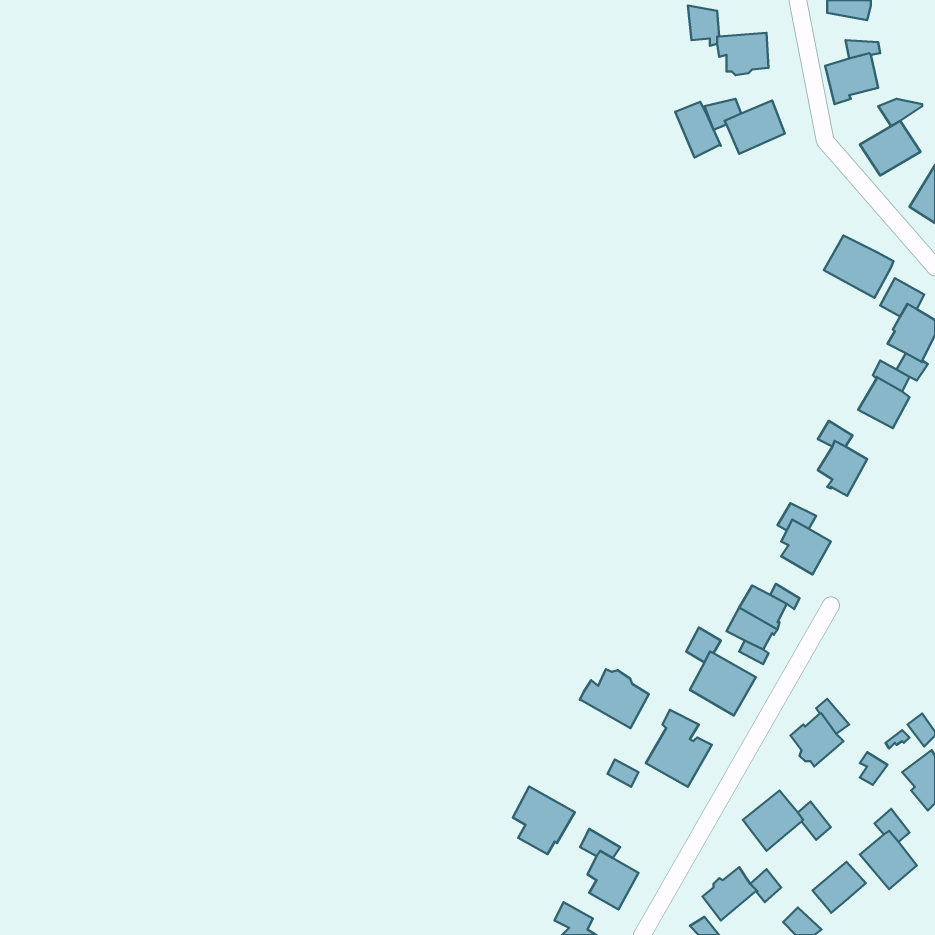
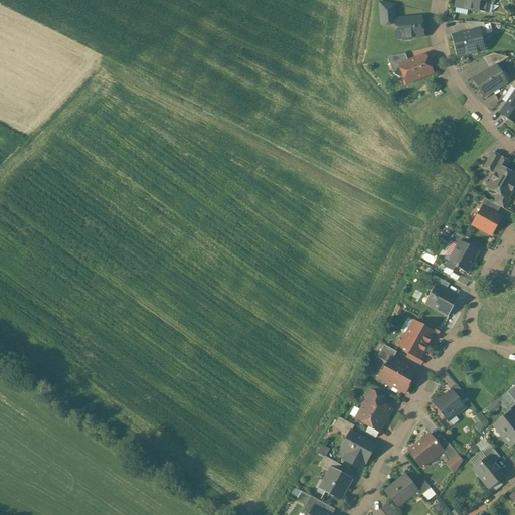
building: [675,102,721,157] -> none
building: [824,236,894,298] -> none
building: [580,669,649,728] -> none
building: [513,786,575,854] -> [341,432,375,469]
building: [813,862,866,913] -> none

